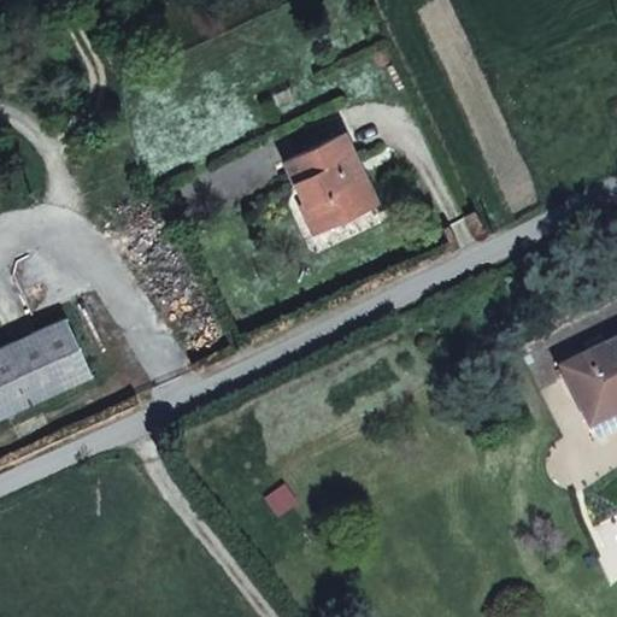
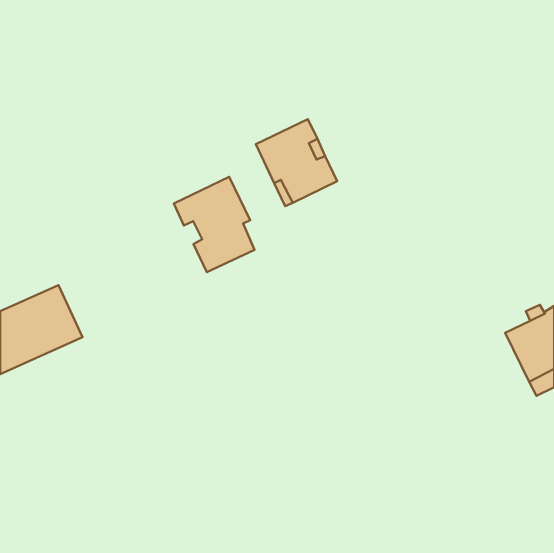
building: none -> [174,177,255,272]

